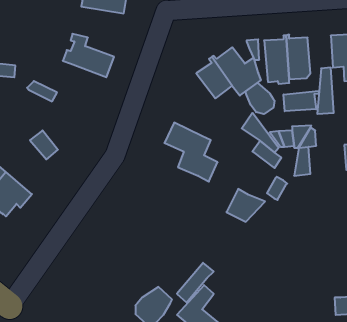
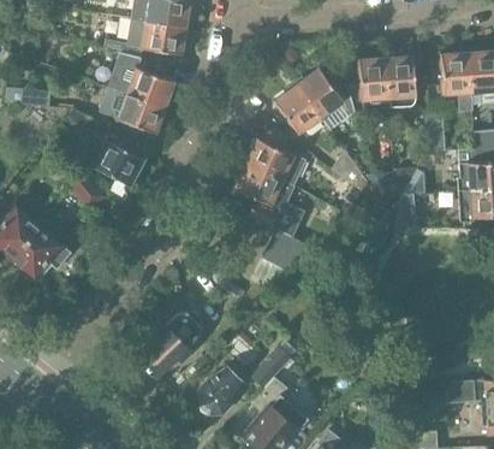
building: none -> [103,18,184,57]
building: none -> [108,89,162,131]
building: [245,83,274,114] -> none
building: [284,91,319,111] -> none
building: none -> [93,138,143,196]
building: none -> [246,138,293,179]
building: [226,189,265,222] -> [262,229,310,270]
building: none -> [139,323,190,374]

